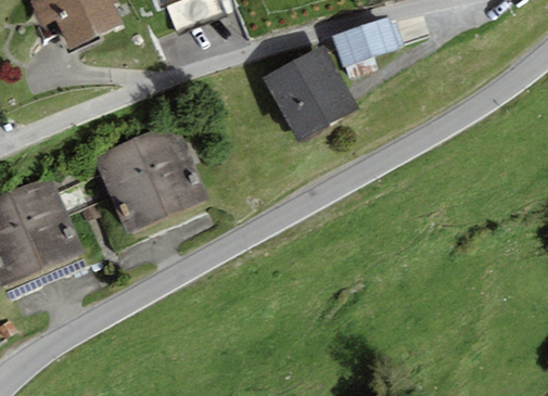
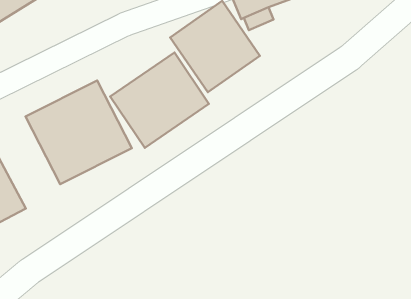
building: none -> [110,53,209,148]

